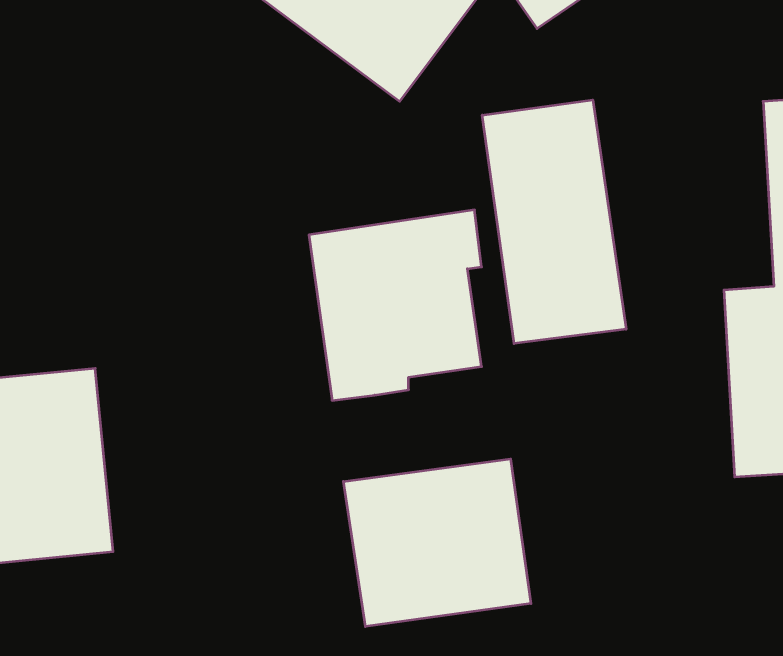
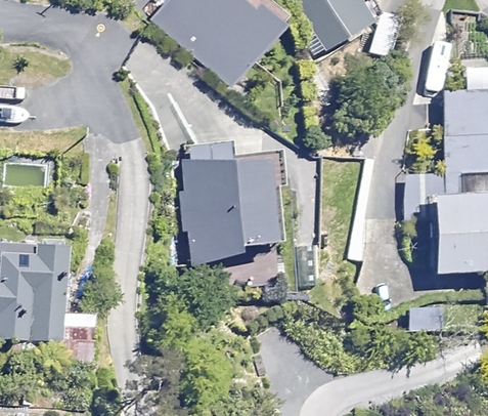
building: [482,100,626,344] -> none
building: [343,459,531,627] -> none

